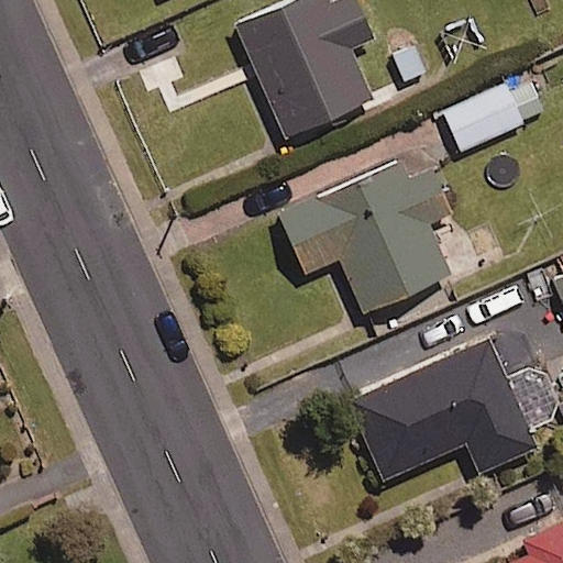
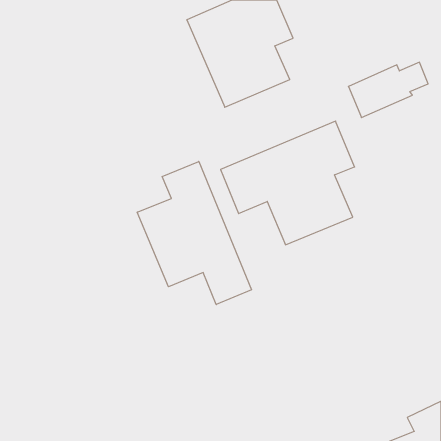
building: none -> [137,161,251,305]
building: [347,338,554,481] -> none

